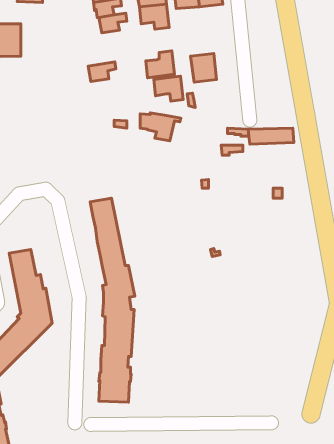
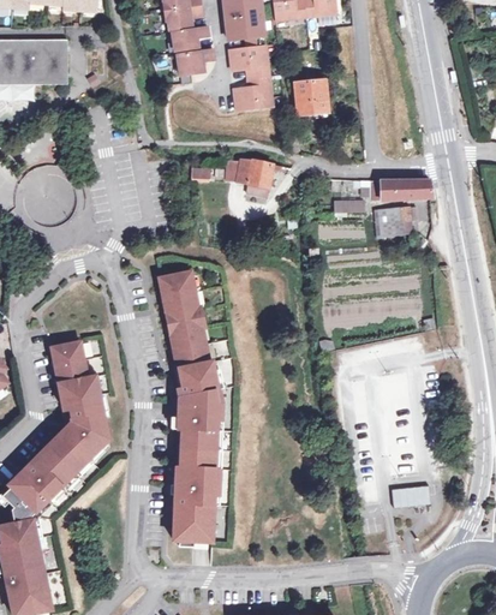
building: [88,62,116,82] -> [177,49,214,76]
building: [154,76,183,101] -> [229,44,269,78]
building: none -> [374,208,416,237]
building: none -> [392,486,429,507]

